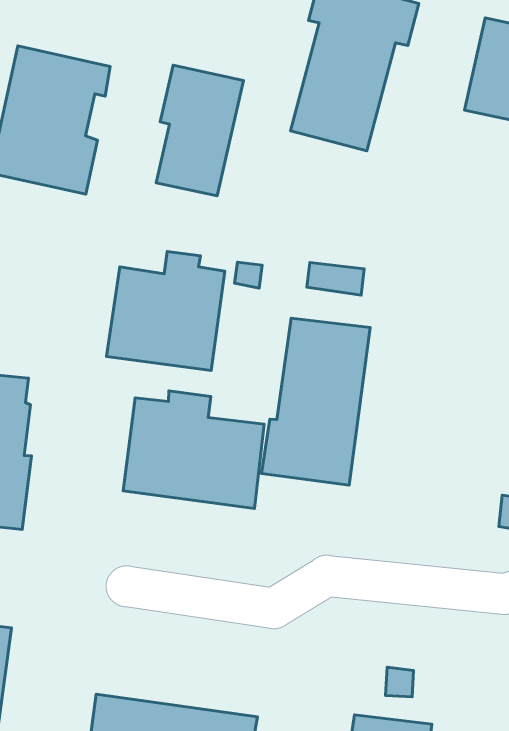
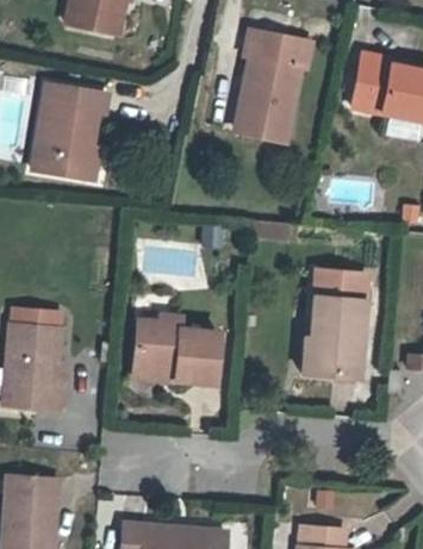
building: [156,65,243,196] -> none
building: [107,251,225,370] -> none
building: [262,318,370,485] -> [301,269,369,380]

